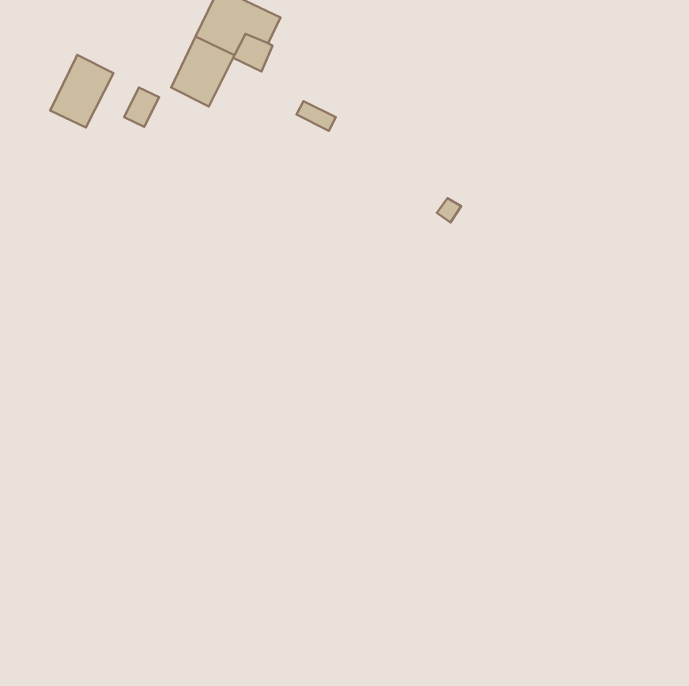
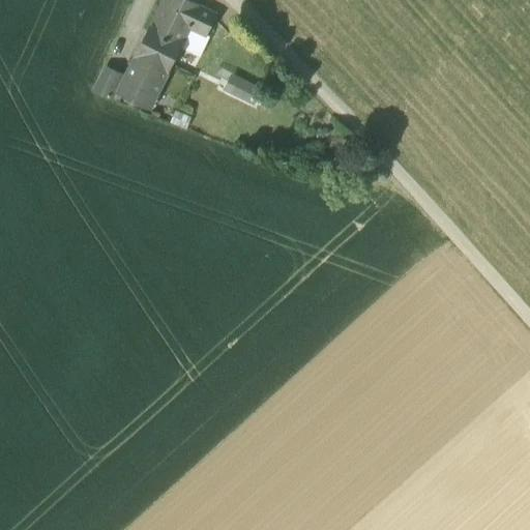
building: [50,55,114,128] -> none
building: none -> [119,67,160,106]

